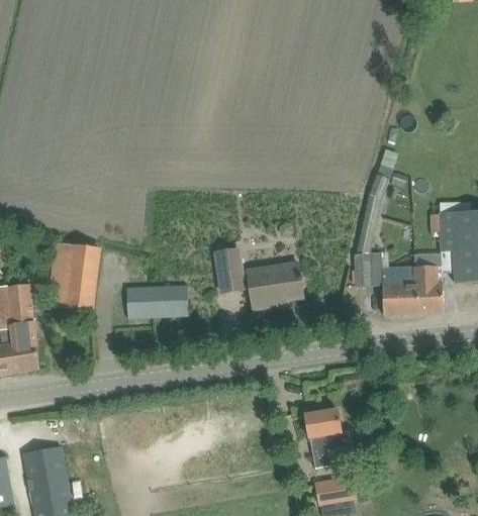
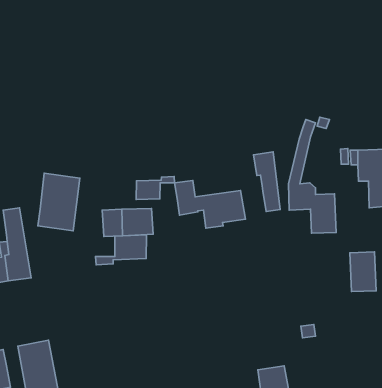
building: none -> [254,152,280,211]
building: none -> [136,177,175,200]
building: [411,266,444,314] -> [350,252,376,292]
building: none -> [96,235,147,265]
building: [305,410,351,468] -> none

